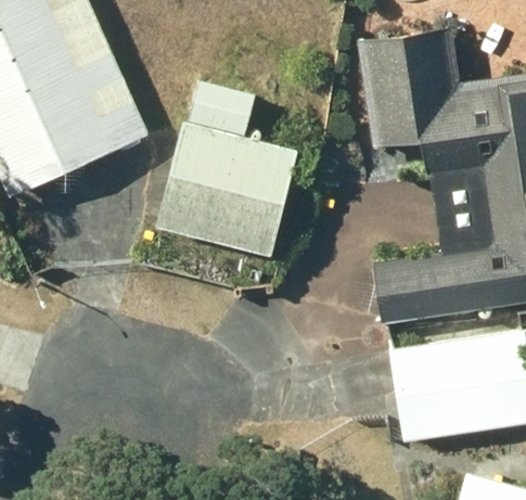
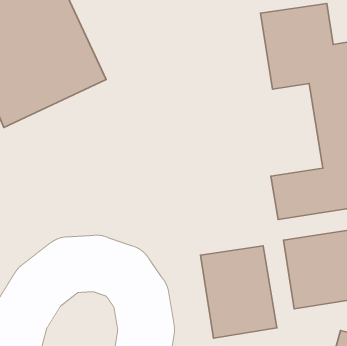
building: [155,120,297,256] -> none
building: none -> [200,246,277,338]

